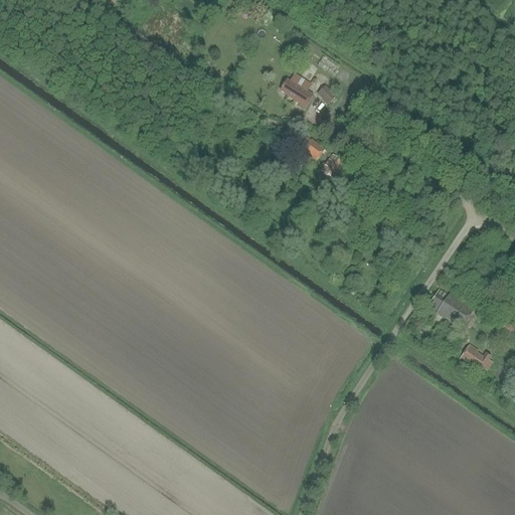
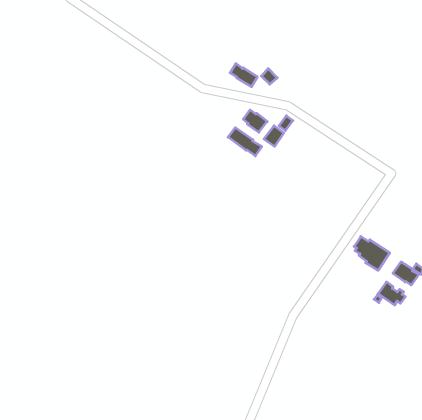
building: none -> [228,128,262,156]
building: none -> [393,262,419,285]

